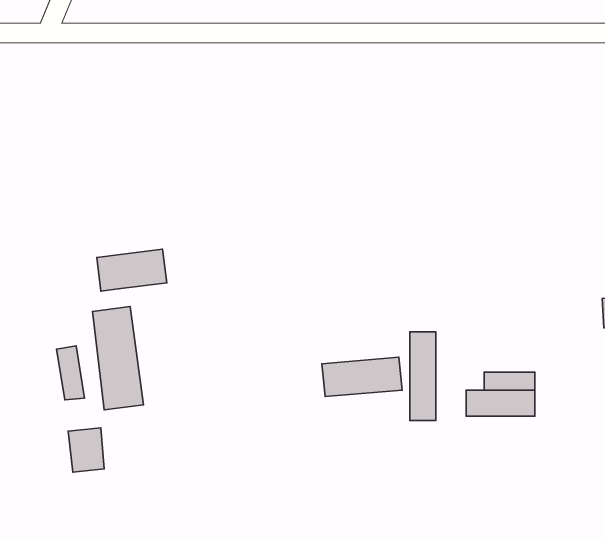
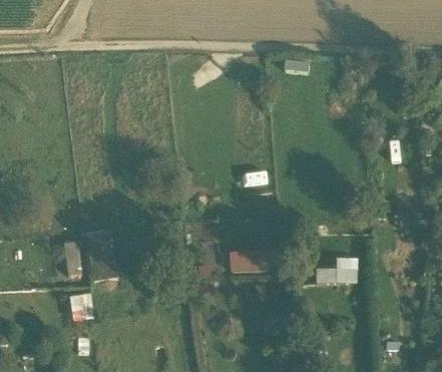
building: [97,249,167,291] -> none
building: [410,332,436,421] -> none

